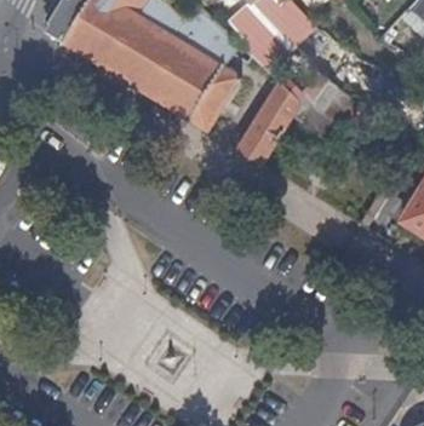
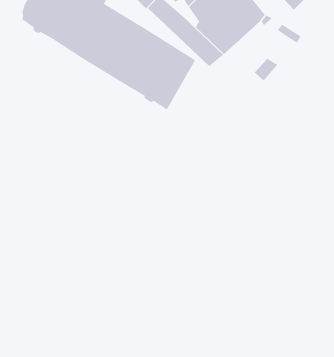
building: [237,82,300,166] -> none

